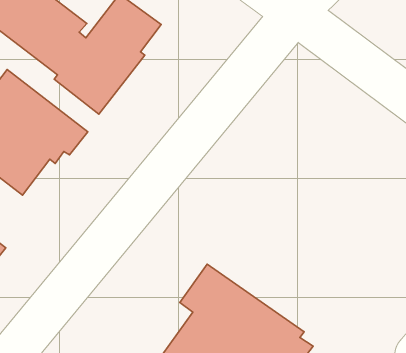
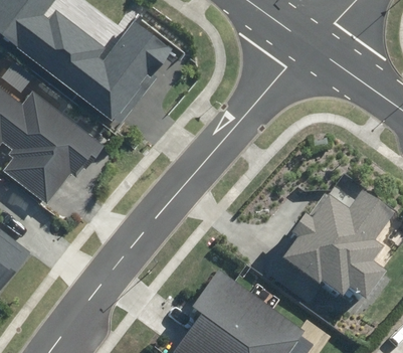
building: none -> [282,188,393,299]

